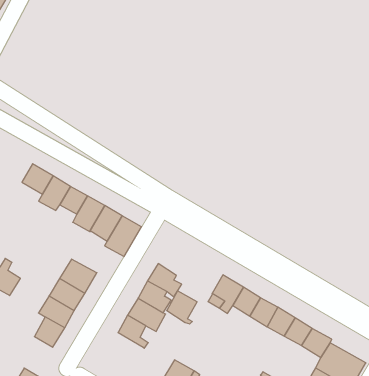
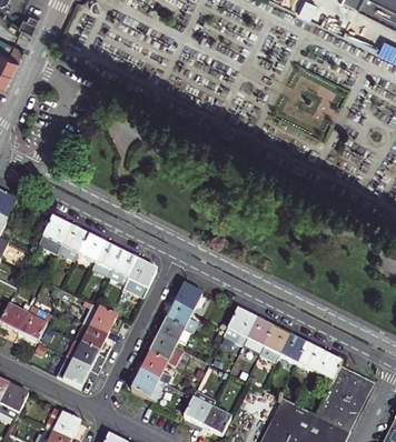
building: [167,291,197,324] -> [175,282,202,312]
building: none -> [131,368,166,399]

